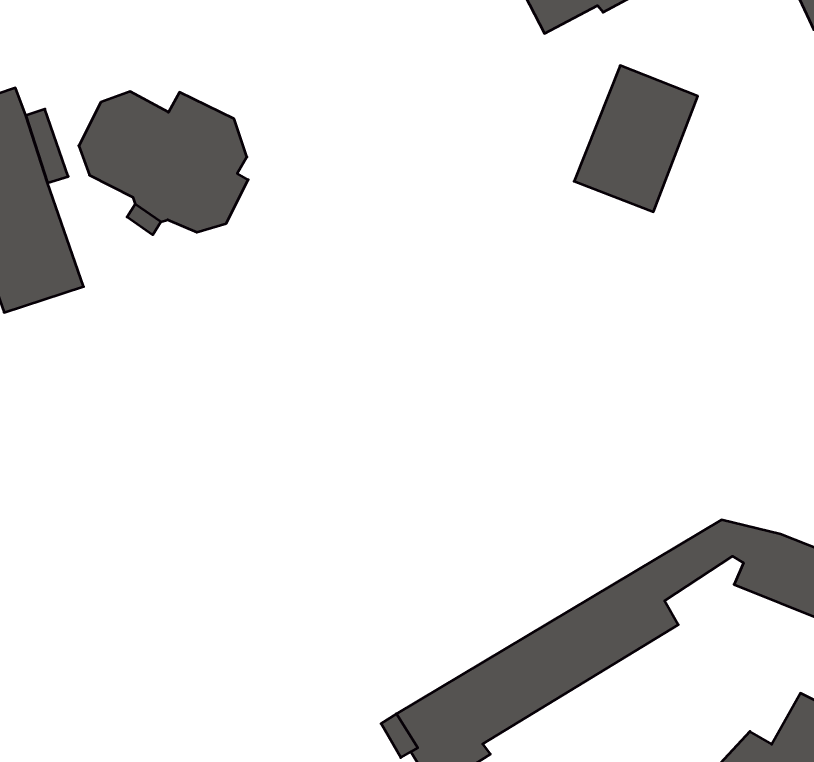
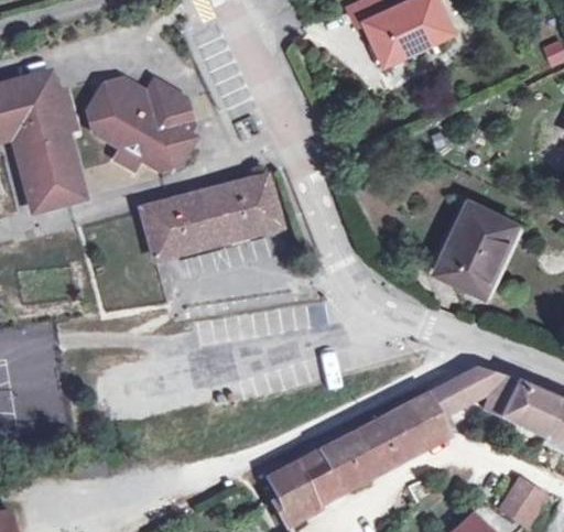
building: [574,66,698,212] -> [436,202,517,294]
building: none -> [142,176,279,258]

